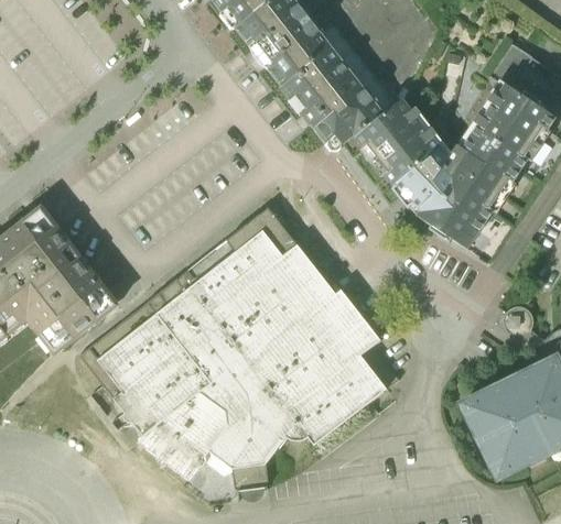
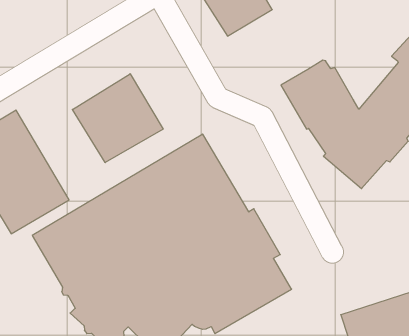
building: [283,47,385,150] -> none
building: none -> [72,74,163,163]

